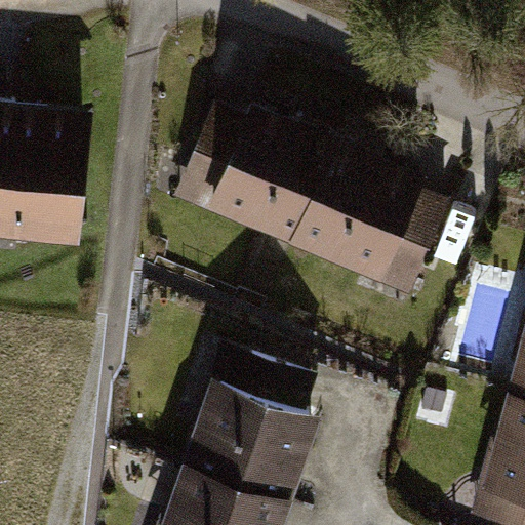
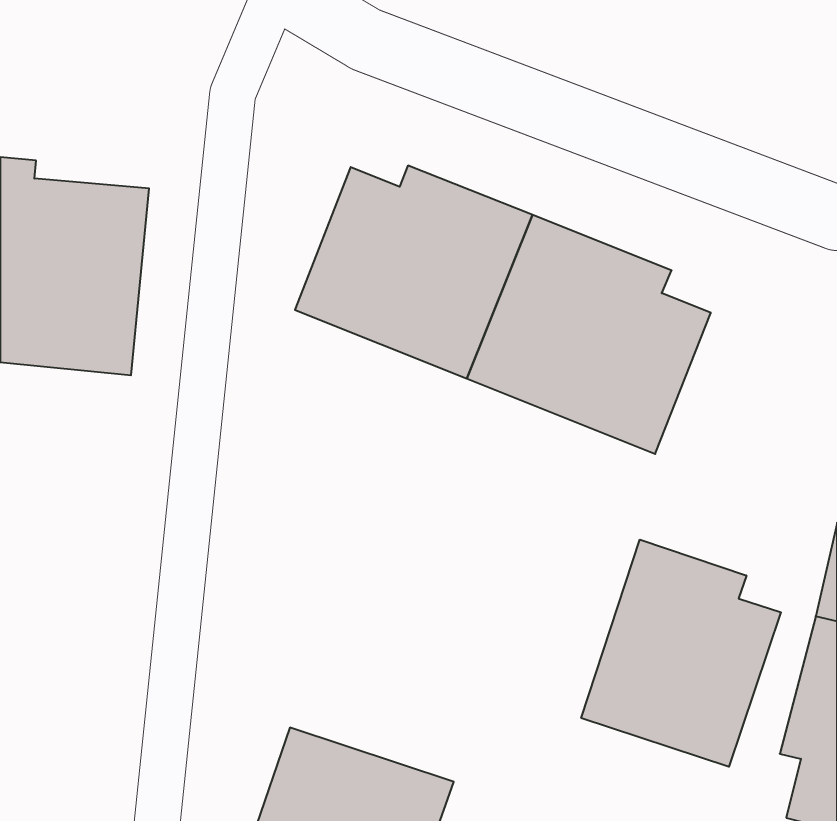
building: none -> [581,540,781,767]
building: [181,350,313,499] -> none

